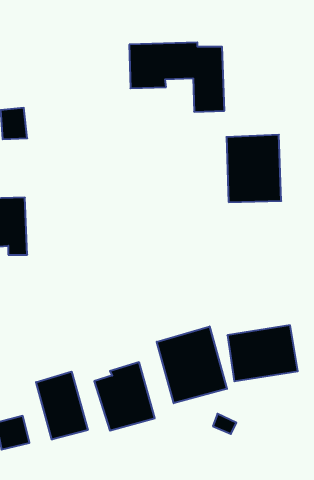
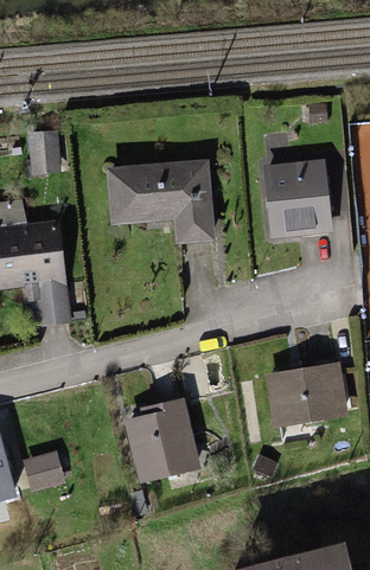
building: [129,42,224,112] -> [109,168,210,242]
building: [157,326,227,403] -> none
building: [36,372,88,440] -> none

